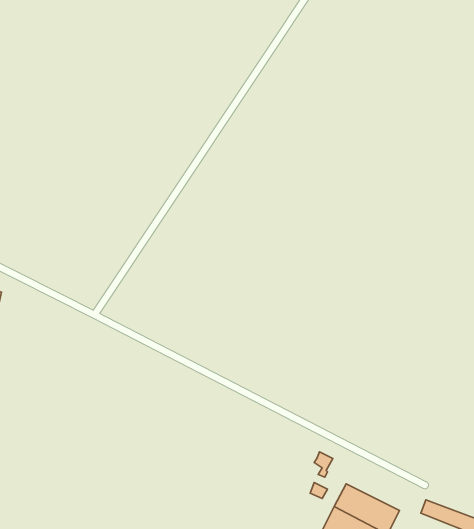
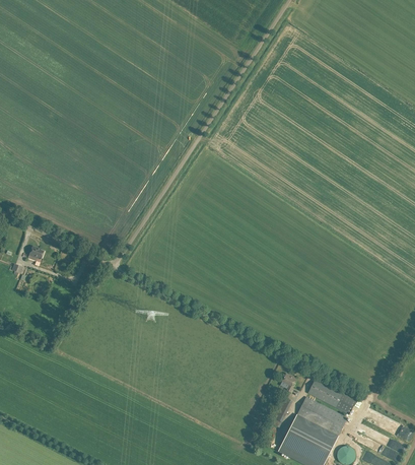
building: none -> [307,381,355,414]

